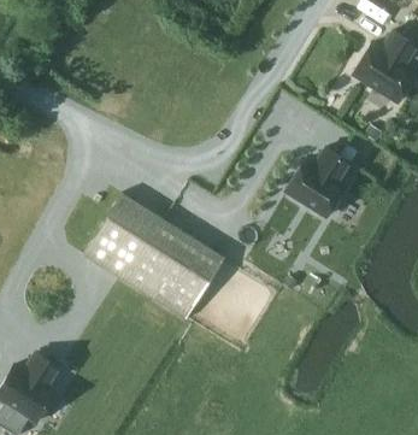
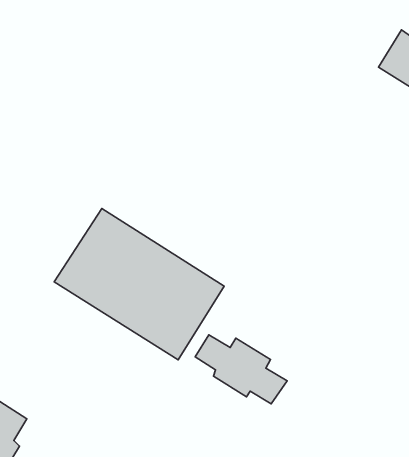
building: [285,148,349,217] -> none
building: none -> [195,335,287,404]

